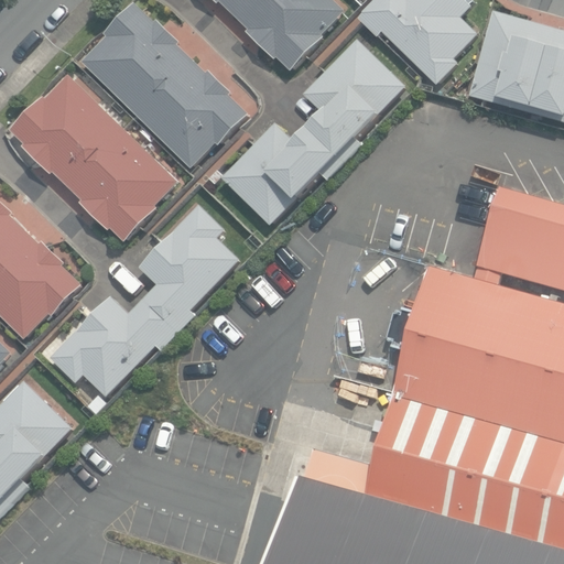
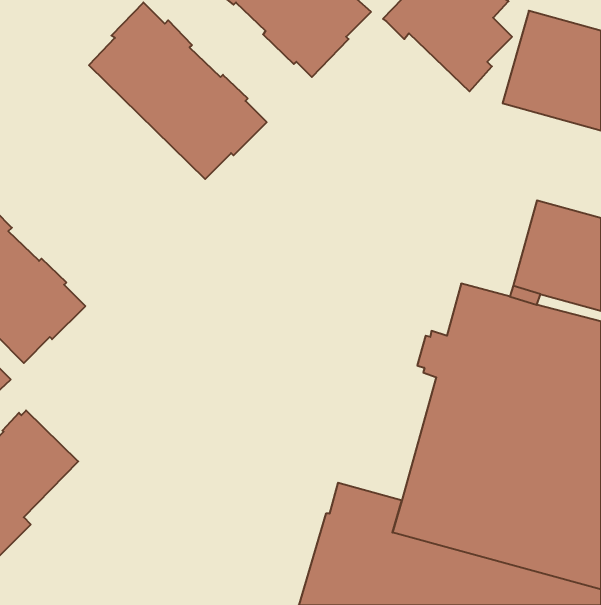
building: [219,39,405,226] -> none
building: [10,76,177,241] -> none
building: [48,203,238,397] -> none

